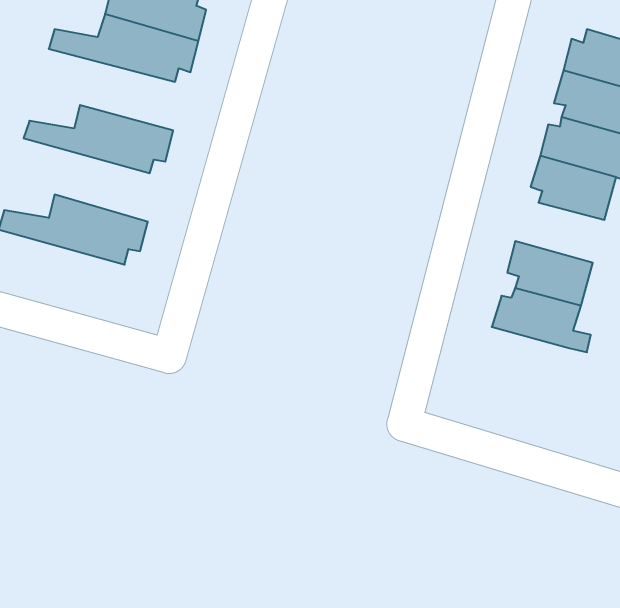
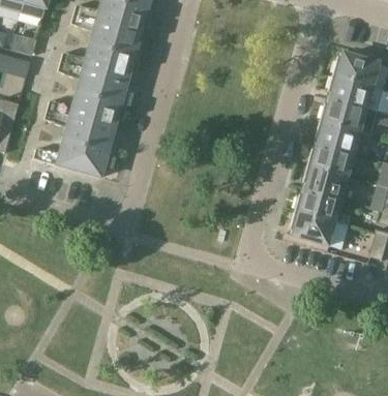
building: none -> [58,62,131,105]
building: none -> [44,110,118,154]
building: none -> [308,144,356,176]
building: none -> [292,210,337,245]

